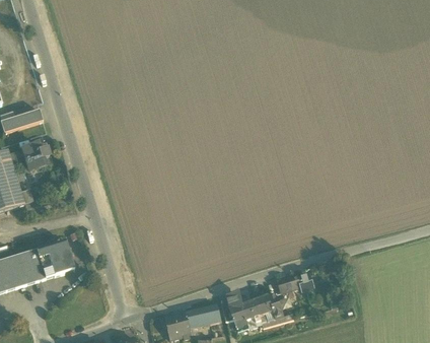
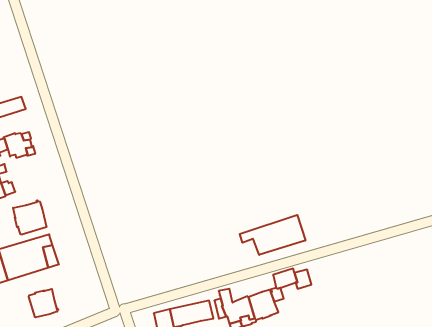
building: none -> [13,200,46,235]
building: none -> [240,215,305,255]
building: none -> [29,289,58,317]

